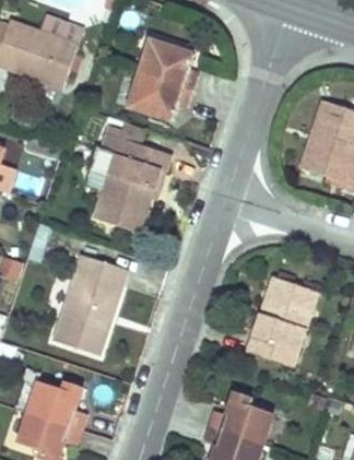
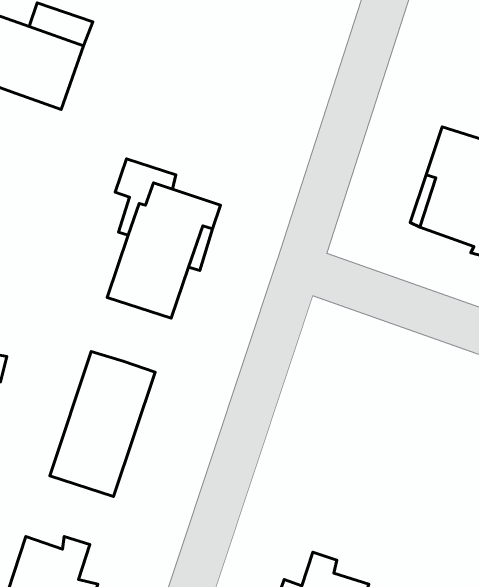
building: [130,39,201,119] -> none
building: [247,276,317,366] -> none

